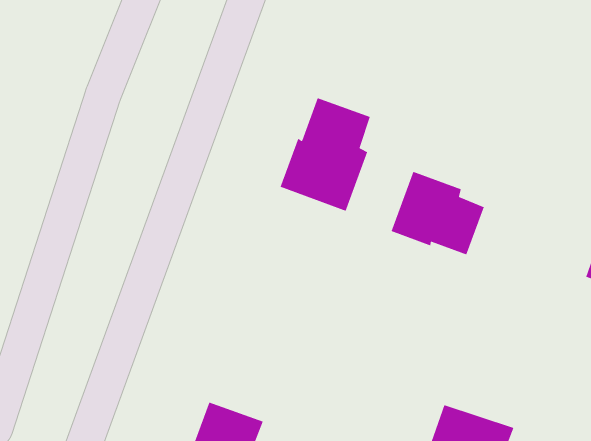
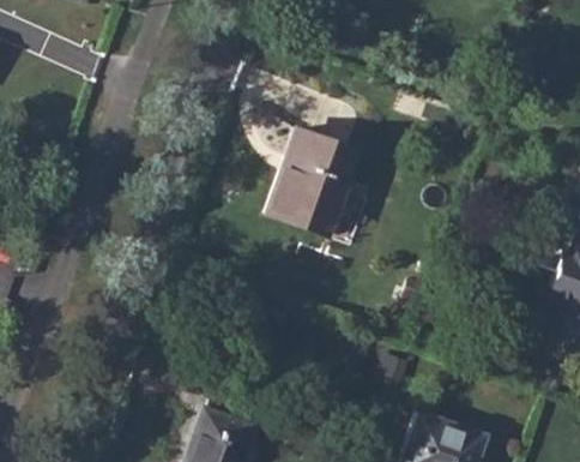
building: [390,171,485,256] -> none

